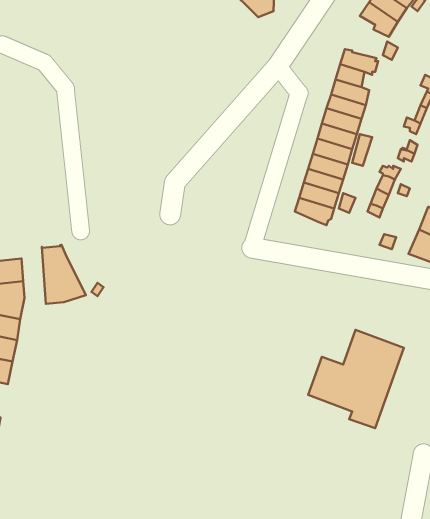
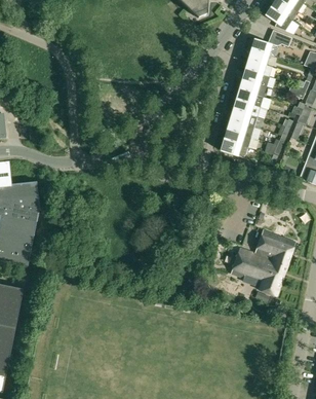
building: [42,245,86,304] -> none

